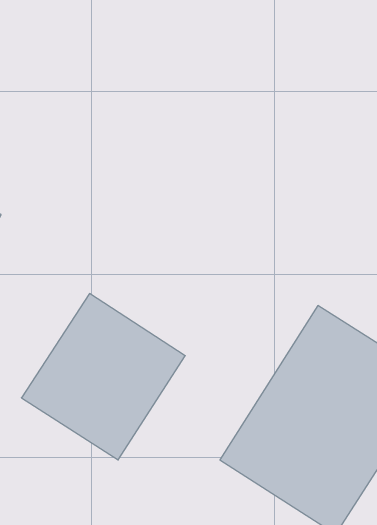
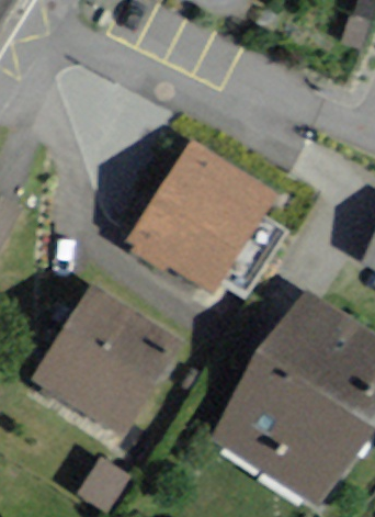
building: none -> [126,142,274,295]

